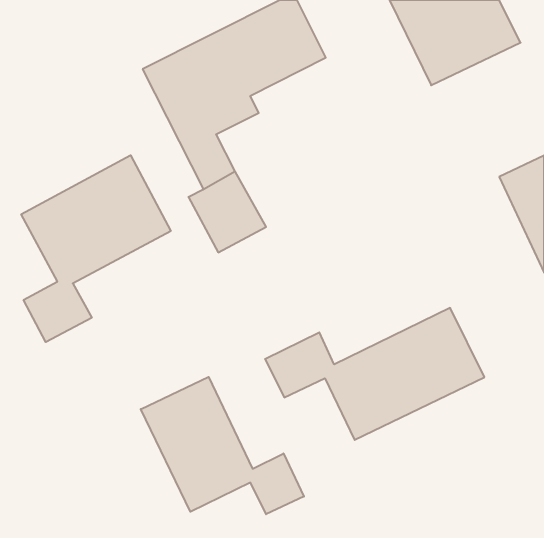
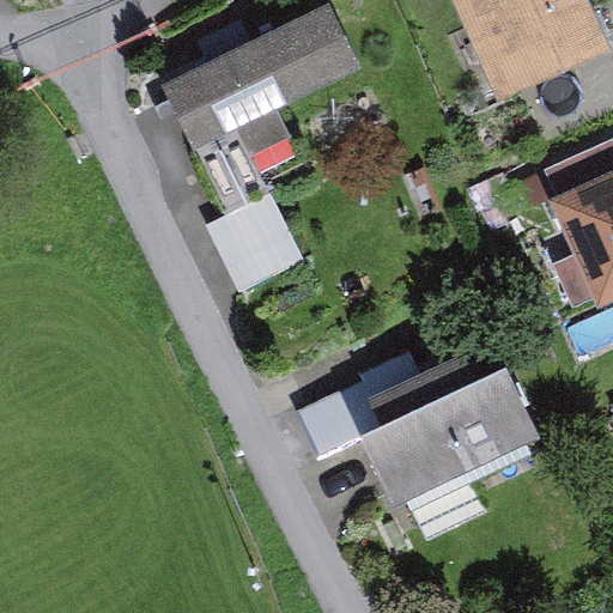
building: [21,155,171,342] -> none
building: [141,377,304,514] -> none

